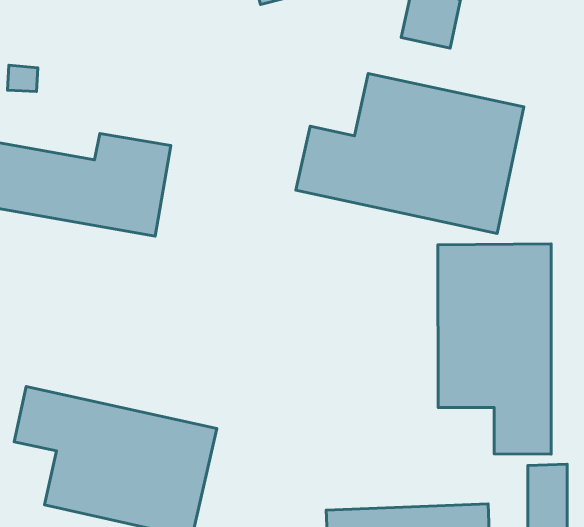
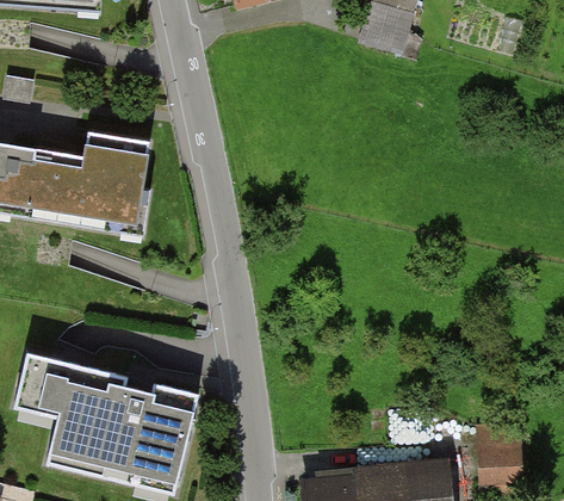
building: [296,74,524,234] -> none
building: [438,244,551,454] -> none

